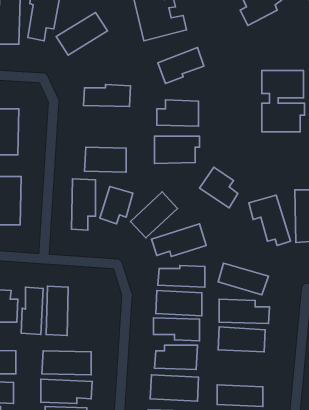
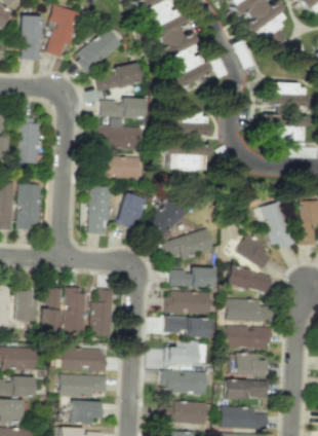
building: none -> [94,63,141,90]
building: none -> [95,124,143,147]
building: [200,167,238,208] -> [236,232,272,270]
building: none -> [91,289,115,336]
building: none -> [233,353,269,376]

